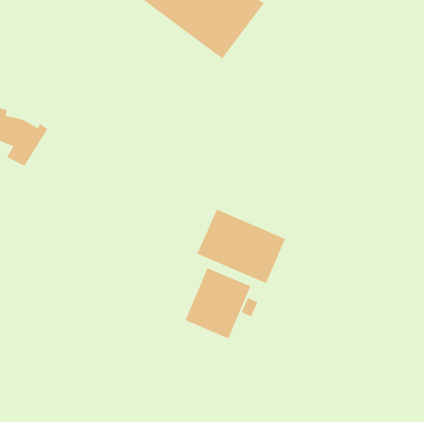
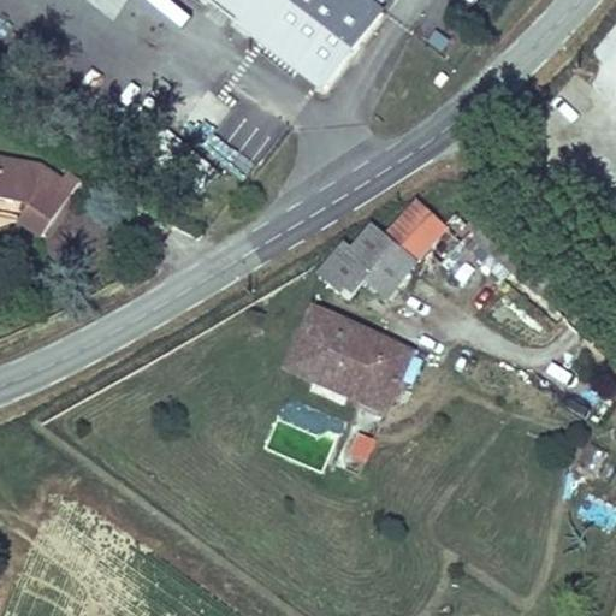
building: none -> [319,196,448,297]
building: [185,268,251,339] -> none

